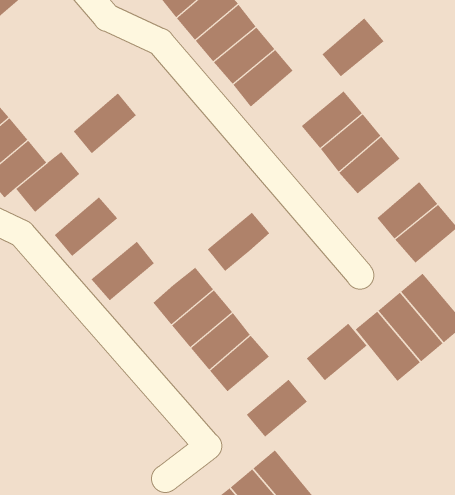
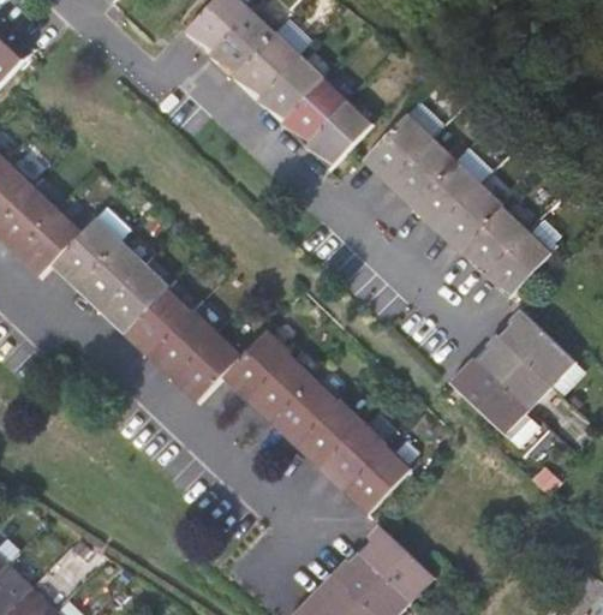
building: [322,17,384,77] -> [305,100,374,169]
building: [73,93,137,154] -> [78,243,148,315]
building: none -> [436,184,503,253]
building: [207,212,270,272] -> [173,333,241,404]
building: none -> [125,287,196,359]
building: [306,323,368,381] -> [316,422,383,490]

